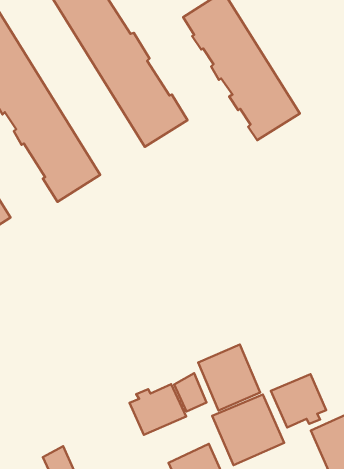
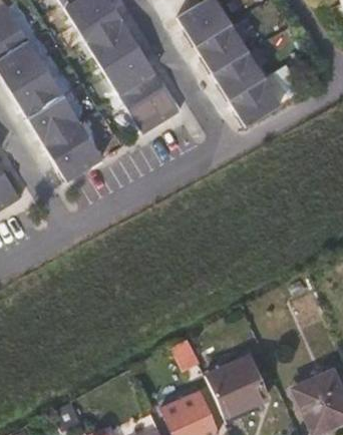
building: [198,345,260,410] -> none
building: [271,374,326,428] -> none
building: [130,384,186,435] -> none

